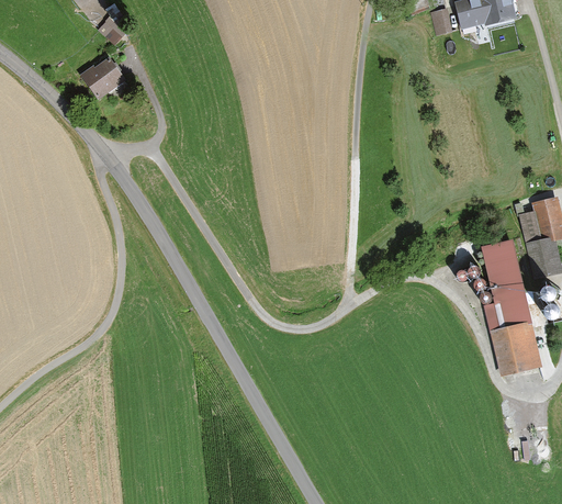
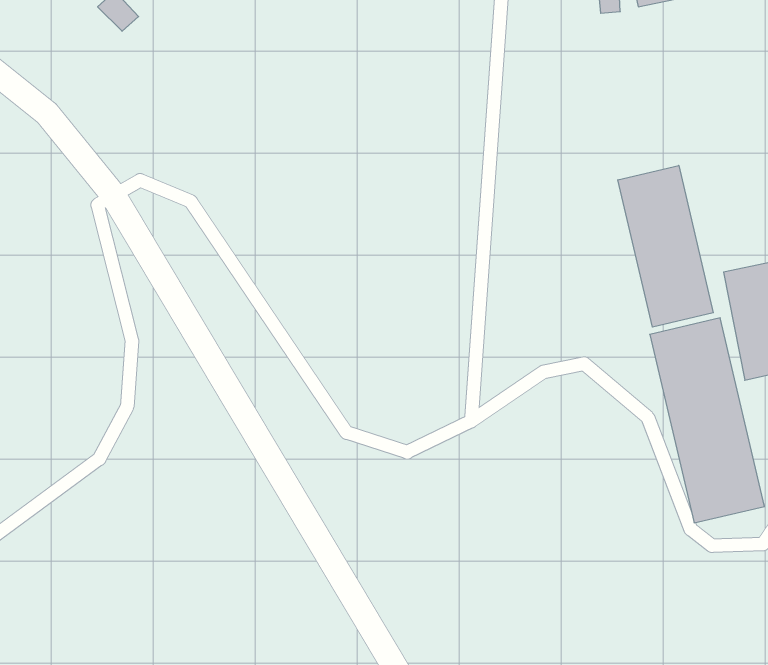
building: [80,54,131,103] -> none
building: none -> [618,165,713,327]

